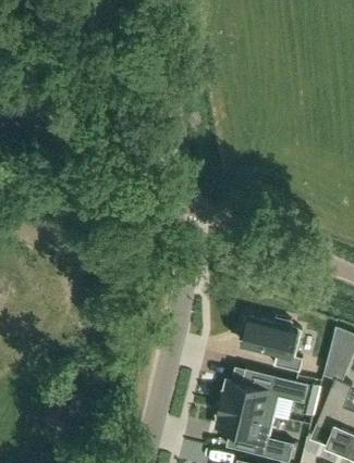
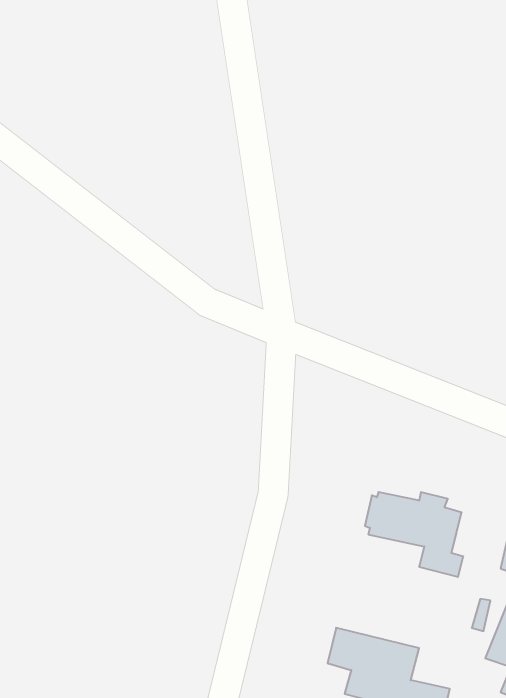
building: [219,371,307,420] -> none

